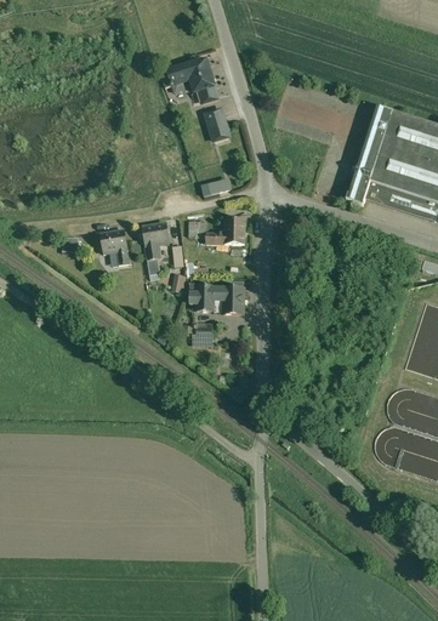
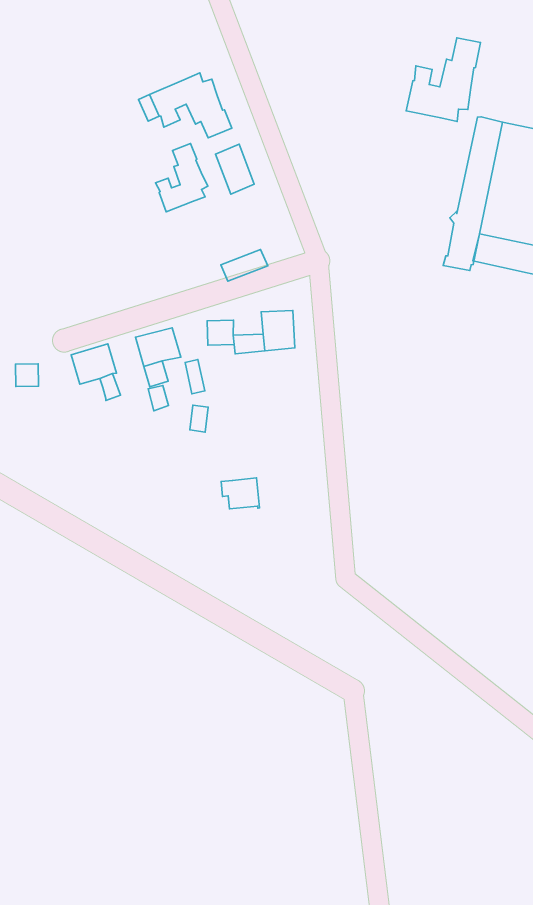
building: none -> [406,38,480,121]
building: none -> [155,143,208,212]
building: [190,285,243,313] -> none

